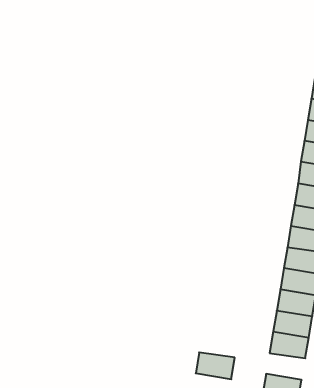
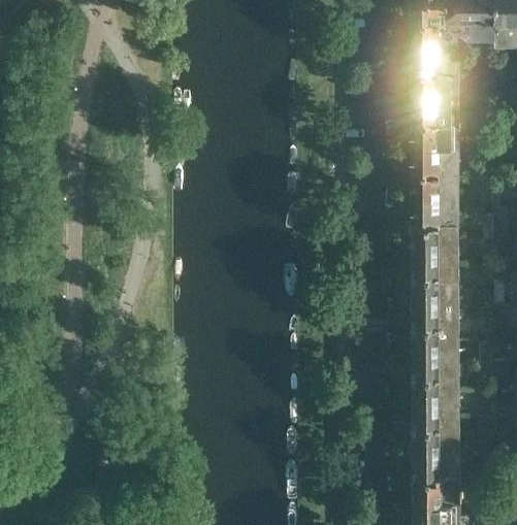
building: [196,352,235,379] -> [415,430,457,456]

